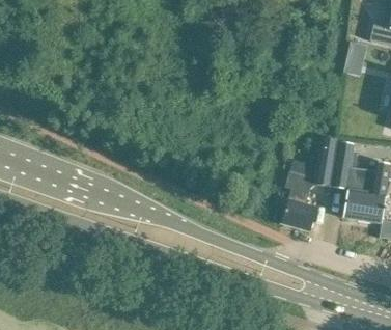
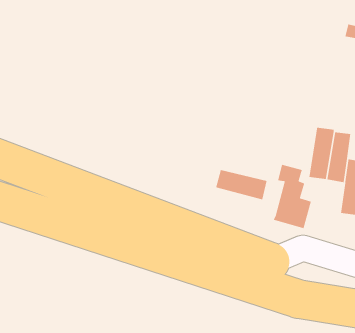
building: none -> [215,169,267,201]

